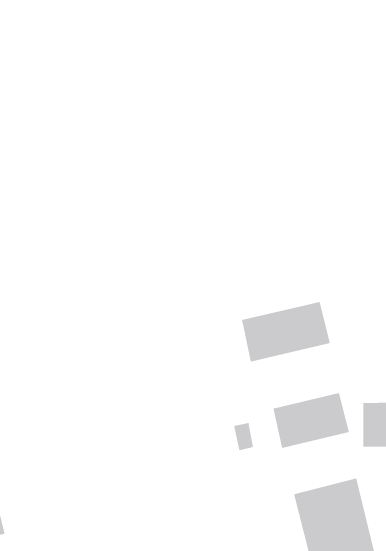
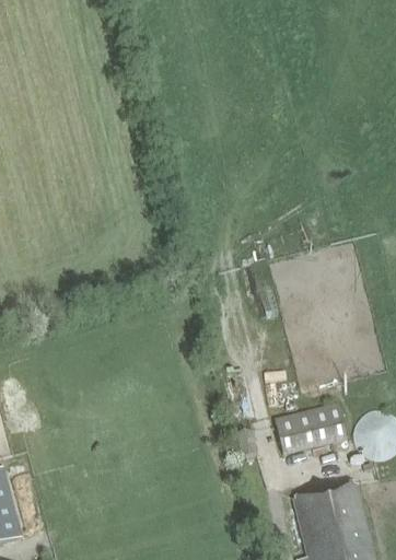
building: [241,301,331,363] -> none

